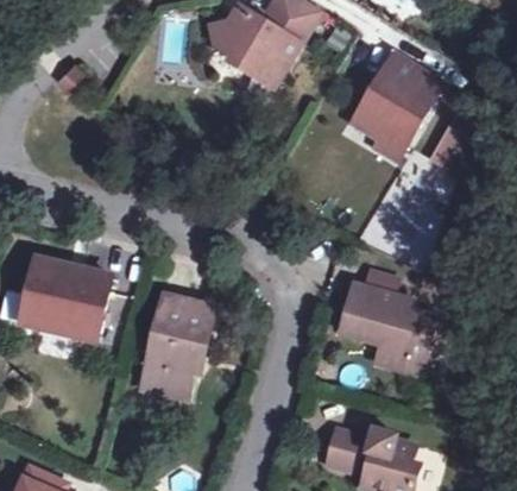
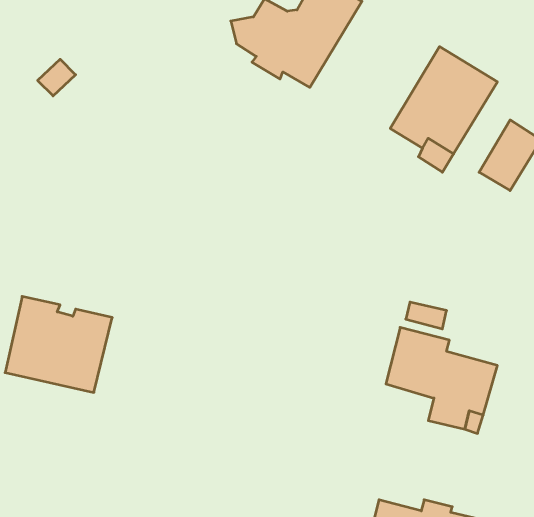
building: [141,297,215,399] -> none

